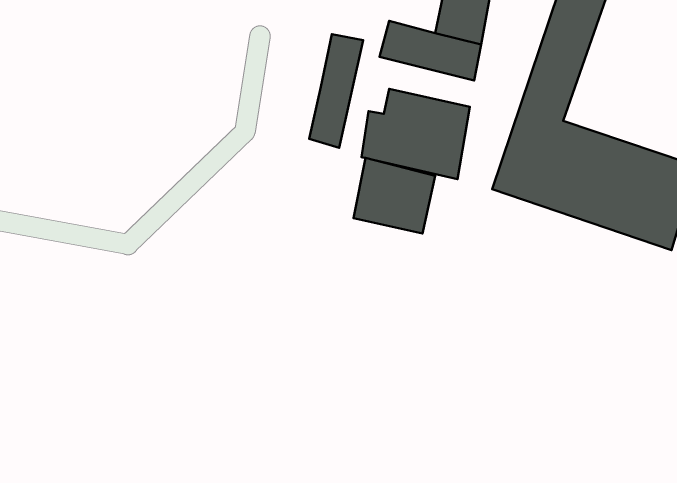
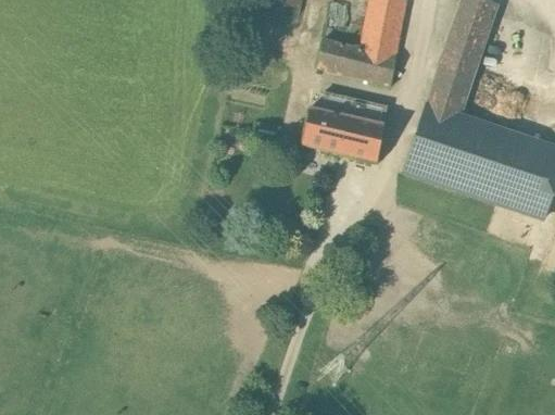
building: [309,34,363,148] -> none
building: [353,158,435,234] -> none

